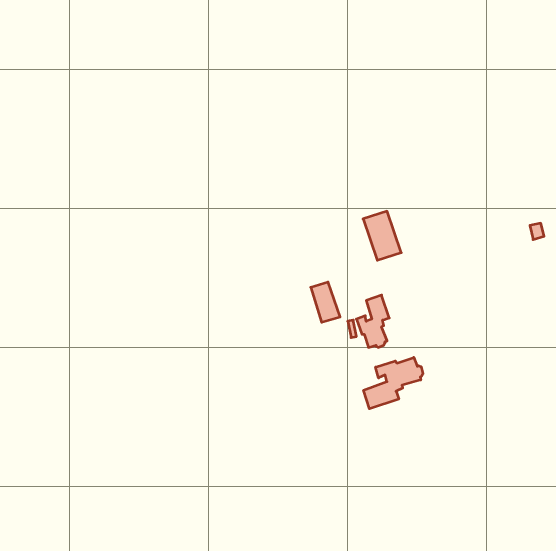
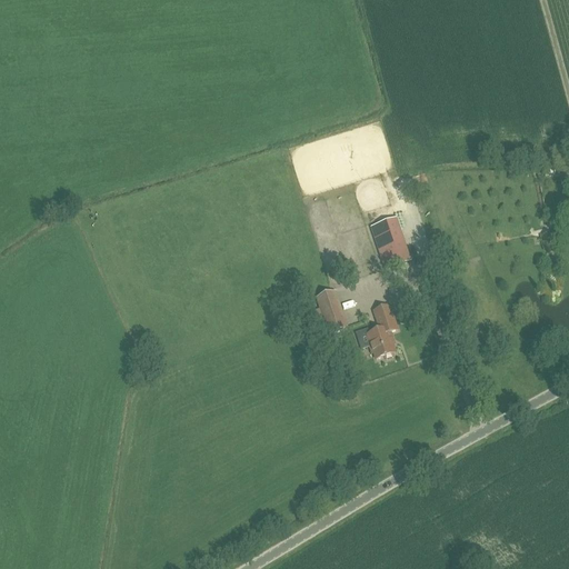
building: [364,357,423,409] -> none

